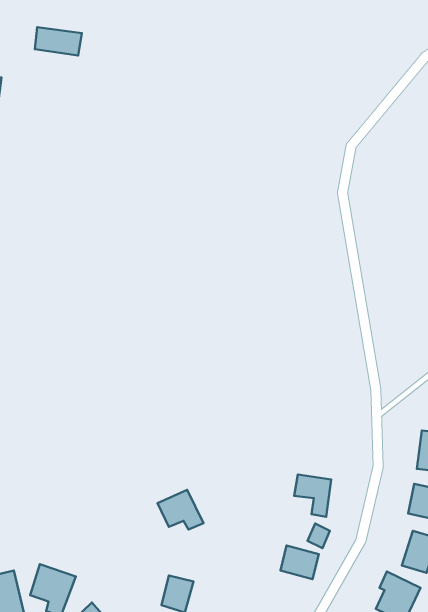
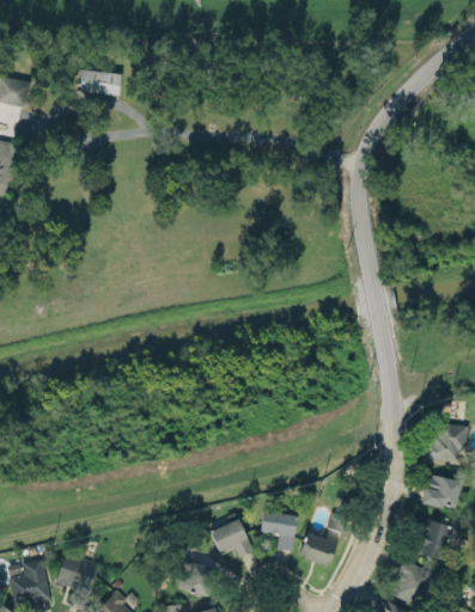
building: [35,27,82,56] -> [77,69,122,97]
building: [294,475,331,517] -> [261,510,297,551]
building: [158,490,203,529] -> [211,519,255,557]

